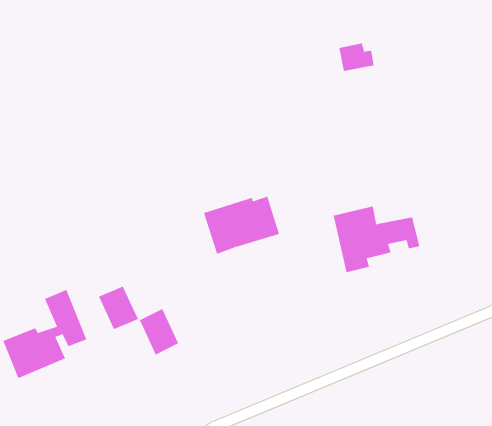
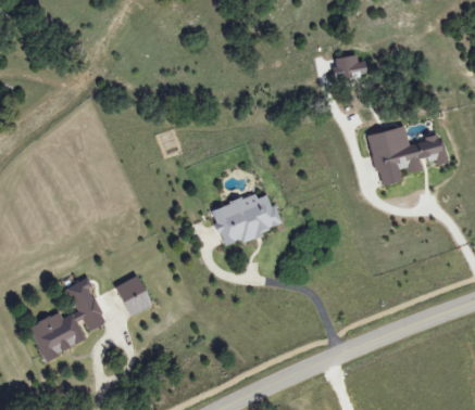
building: [333,206,420,273] -> [367,126,447,187]
building: [139,308,179,355] -> none

